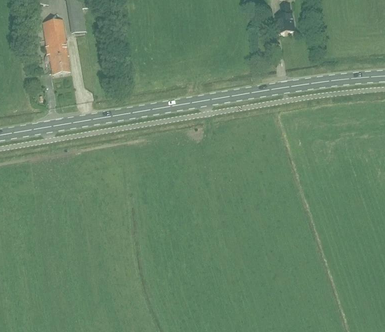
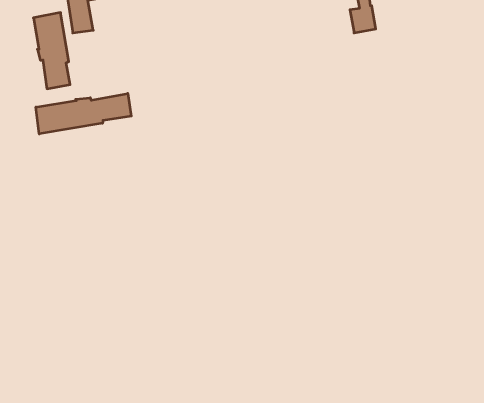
building: none -> [36,93,131,134]

